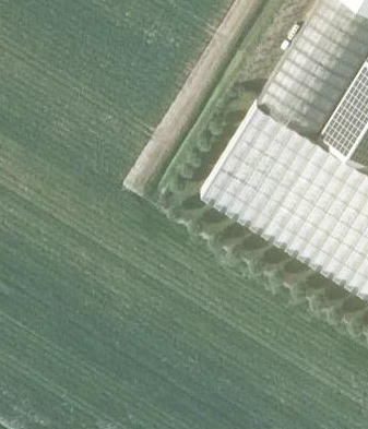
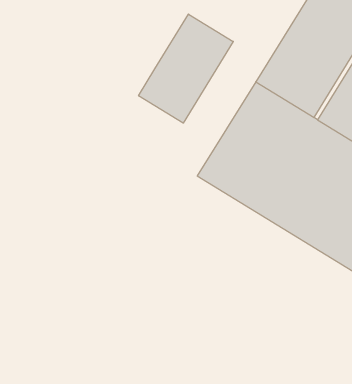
building: none -> [139,14,233,123]

